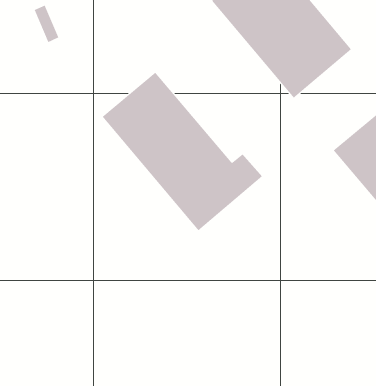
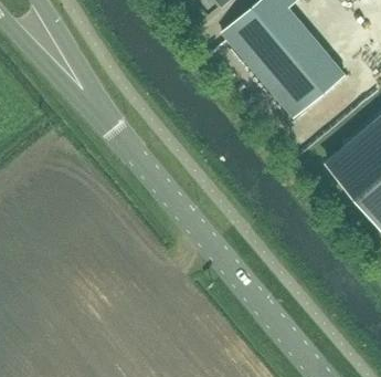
building: [102,72,263,231] -> none

